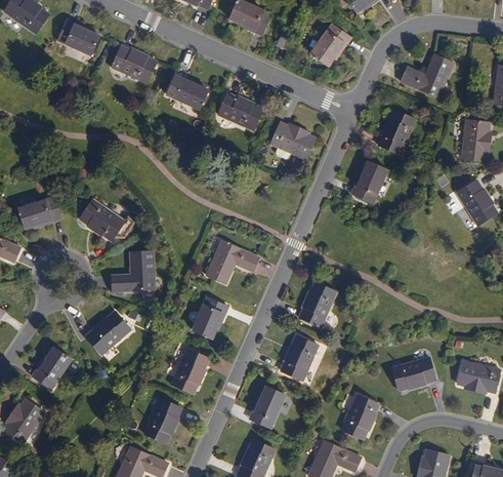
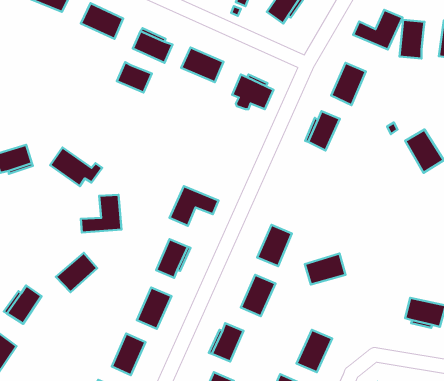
building: none -> [117,62,152,93]
building: [462,119,489,160] -> [399,20,424,58]
building: [393,356,436,389] -> [305,254,345,284]

